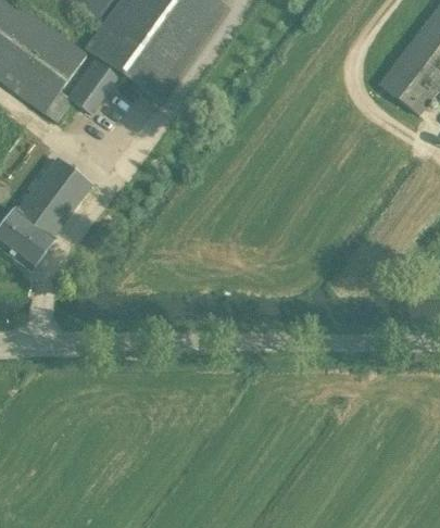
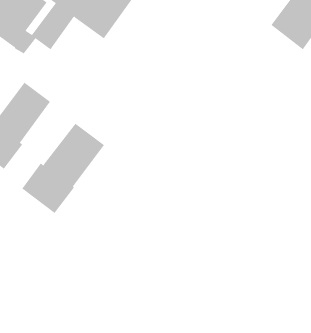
building: none -> [21,123,105,214]

